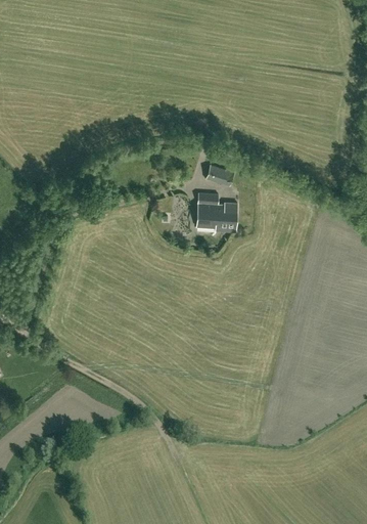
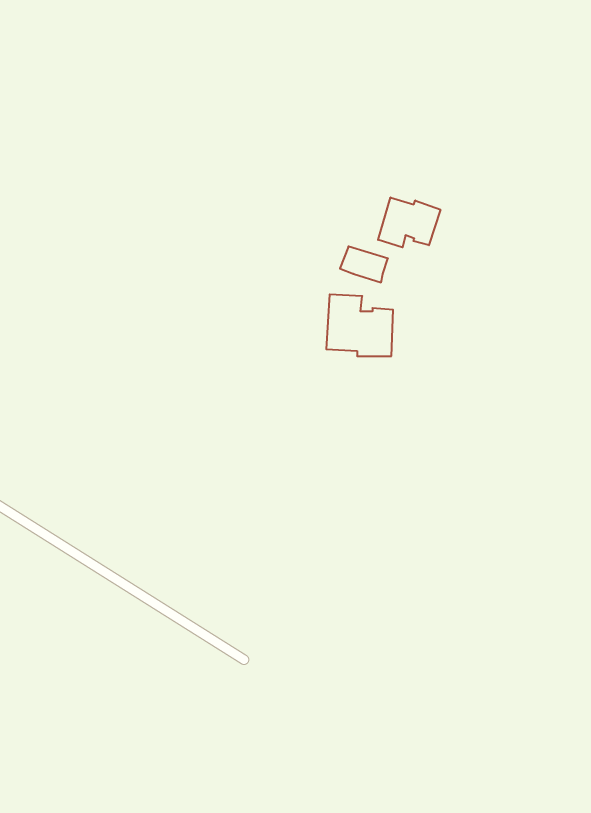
building: none -> [378,197,440,247]

